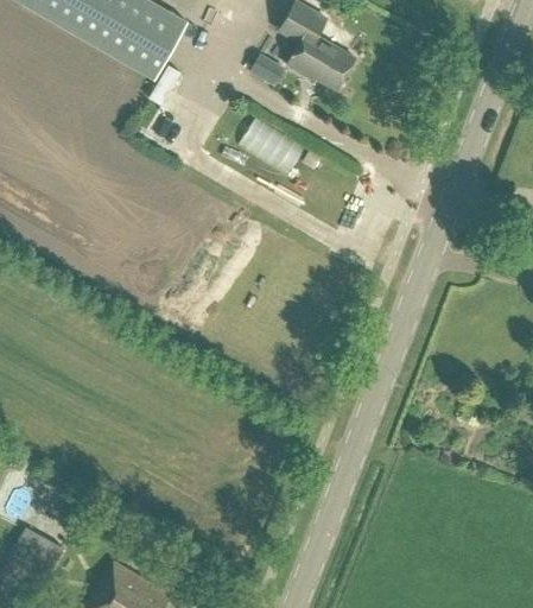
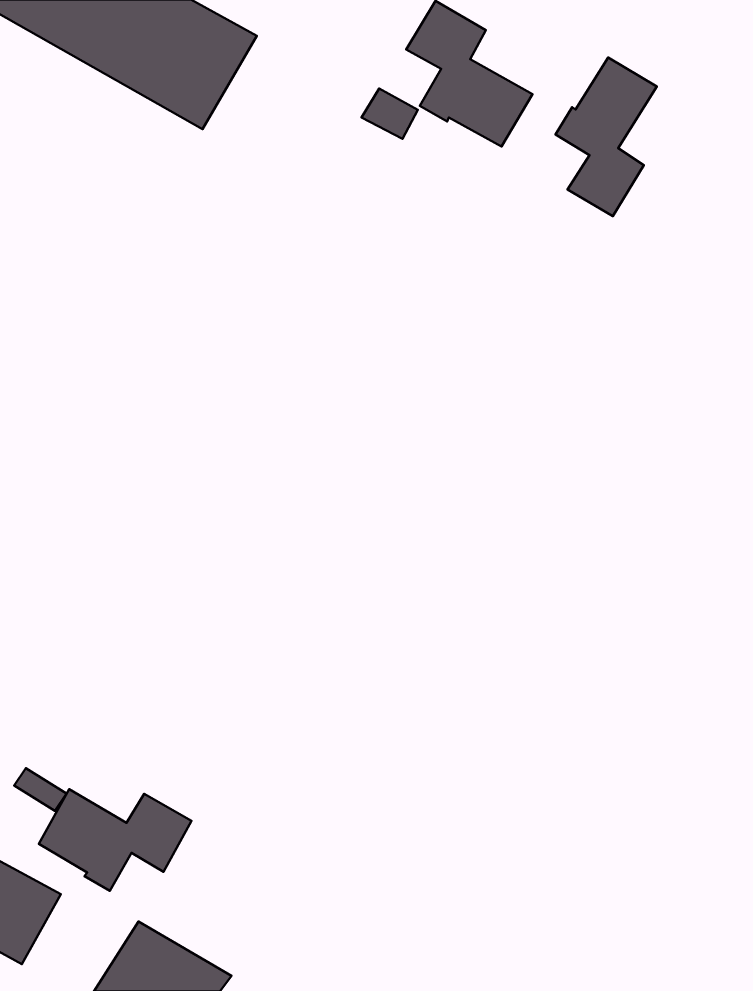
building: none -> [556,58,657,216]
building: none -> [39,789,191,891]

